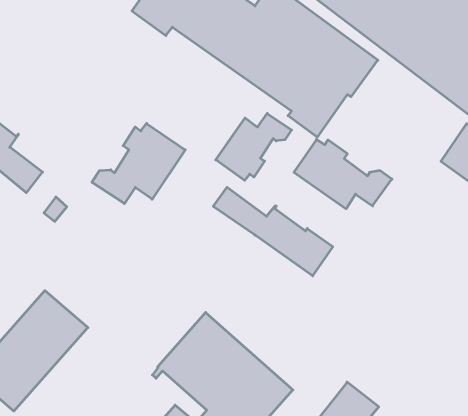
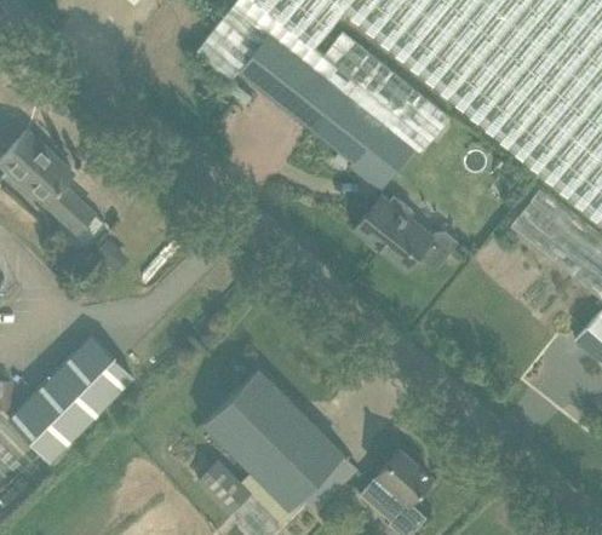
building: [216,113,292,180] -> none
building: [92,123,185,204] -> none
building: [213,187,333,276] -> none

